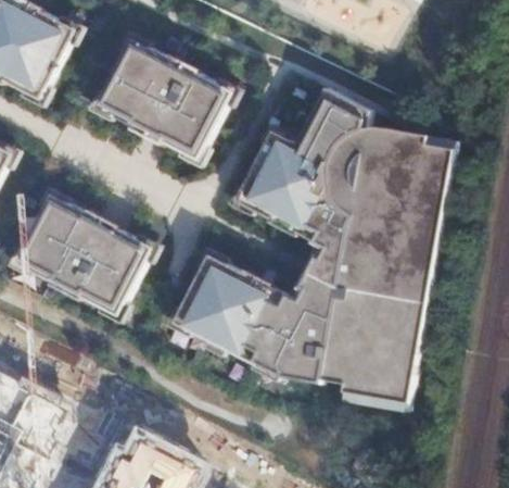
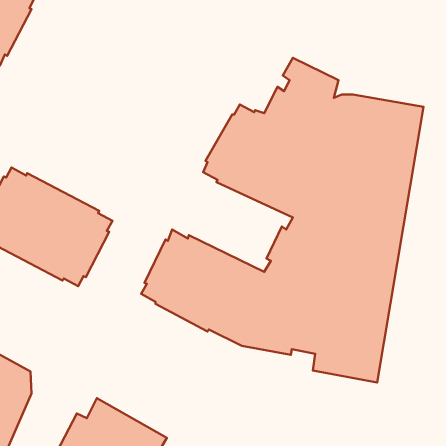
building: [97,42,229,159] -> none

